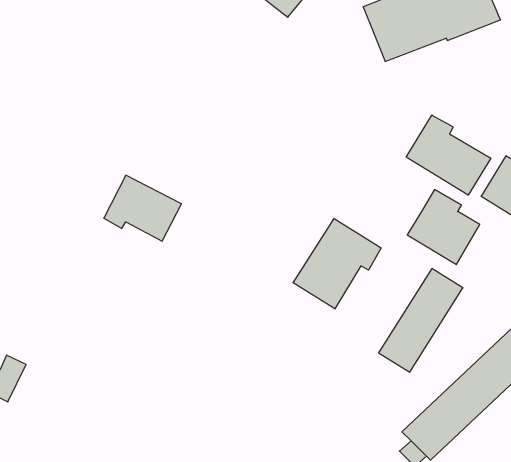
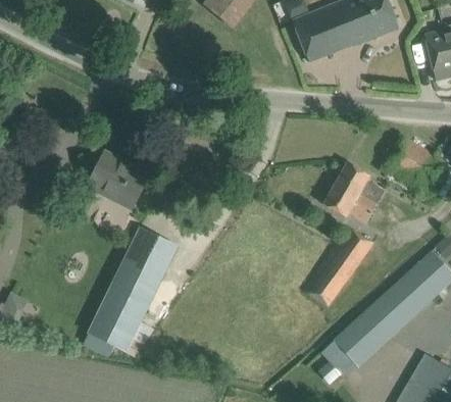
building: [406,115,491,195] -> none
building: [293,218,381,309] -> none
building: none -> [84,224,179,354]

